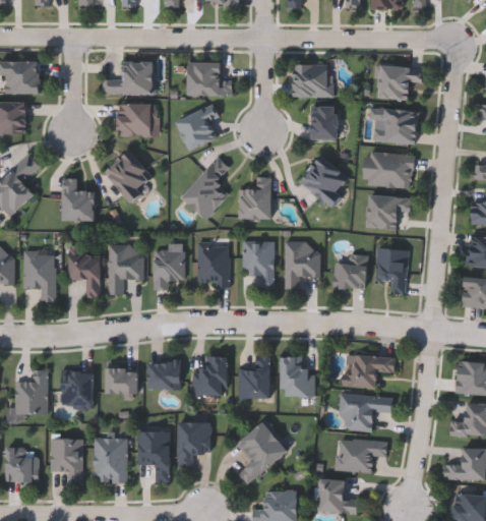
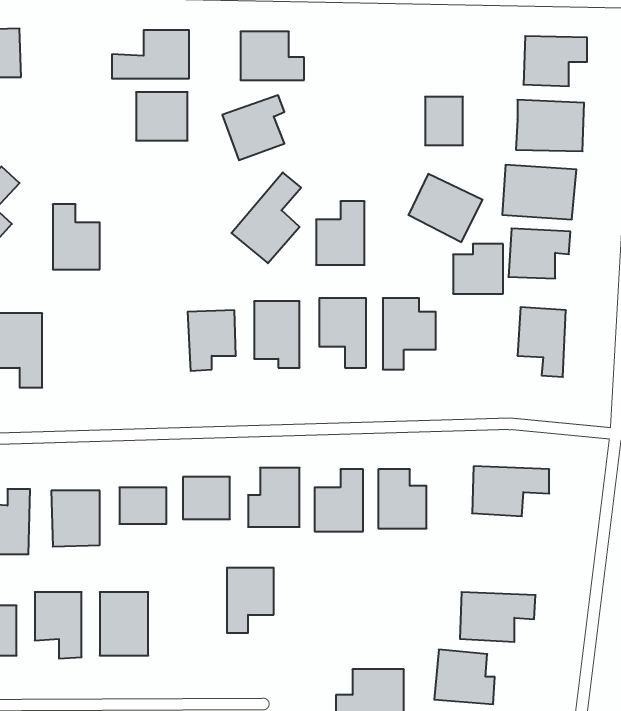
building: [294,63,331,97] -> none
building: [104,150,156,201] -> none
building: [108,246,144,295] -> none
building: [68,250,102,297] -> none
building: [333,254,367,288] -> [453,244,503,294]
building: [338,392,393,431] -> none
building: [237,421,289,483] -> none
building: [137,430,171,481] -> none

